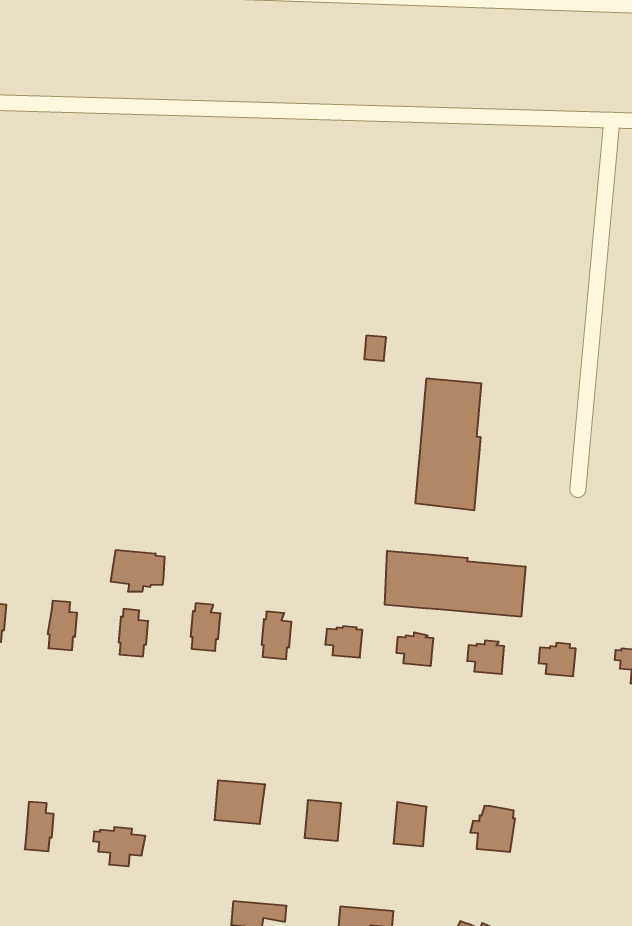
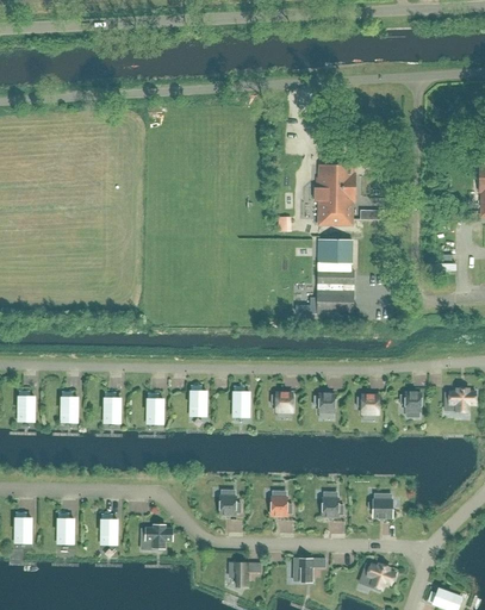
building: none -> [316,166,354,226]
building: [111,550,165,592] -> none
building: [385,551,525,617] -> none

